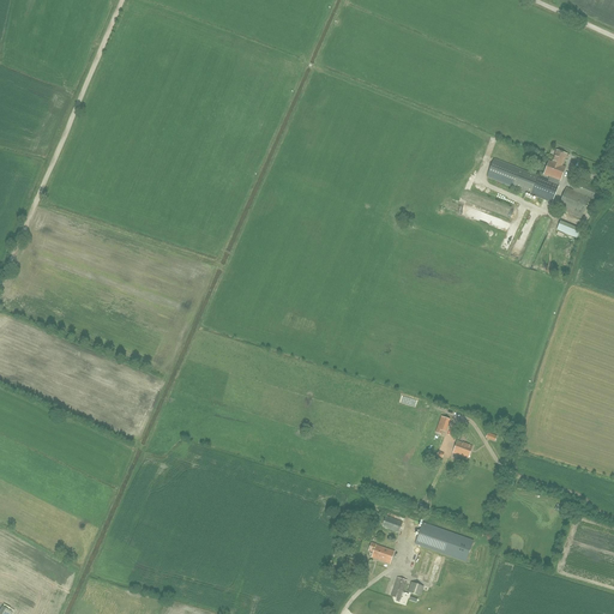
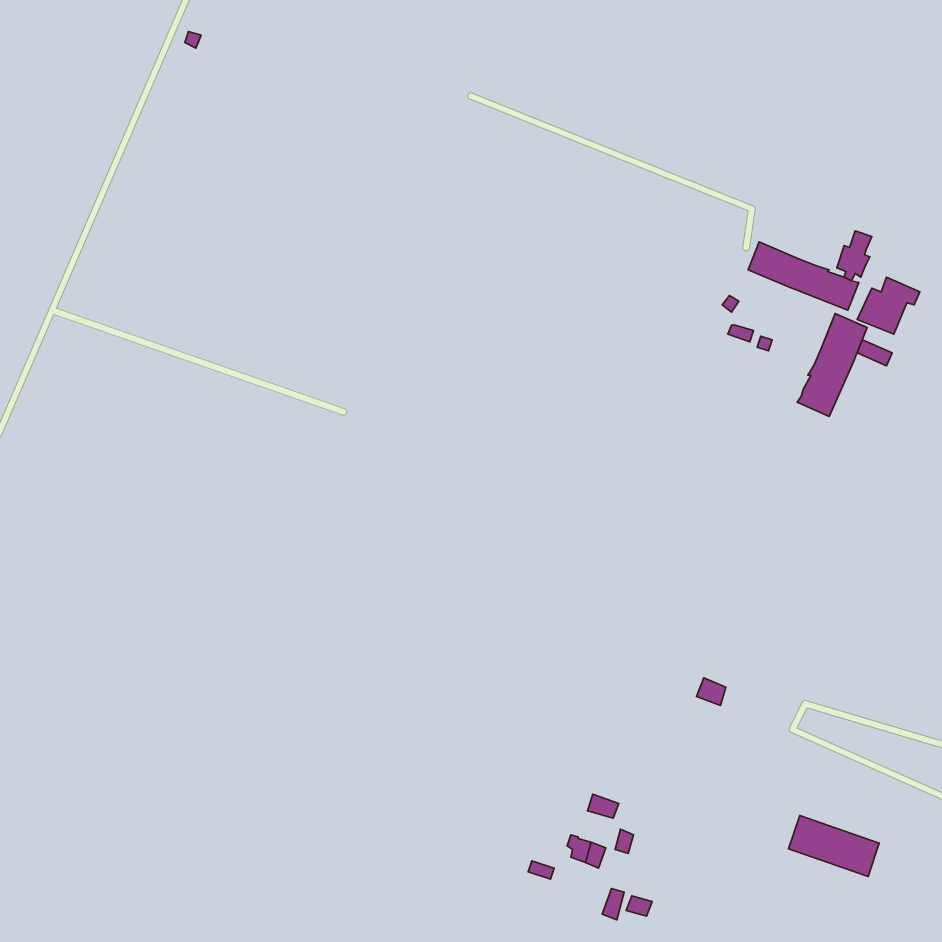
building: none -> [797,313,867,416]
building: [414,522,472,561] -> [789,815,879,876]

